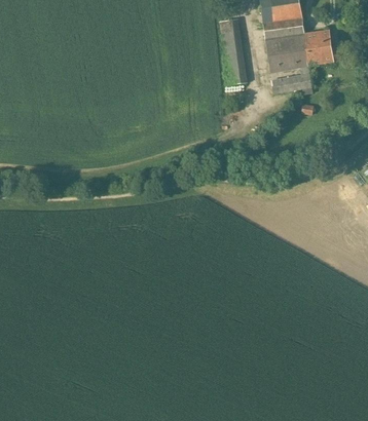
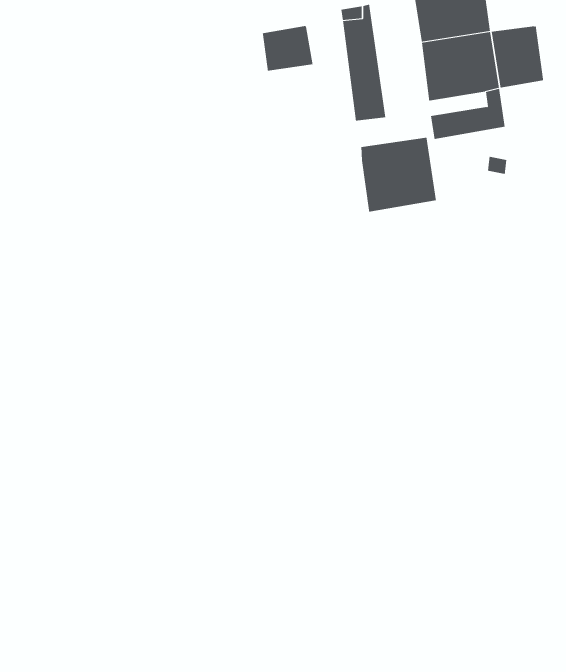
building: none -> [262,25,313,72]
building: none -> [361,137,436,213]

